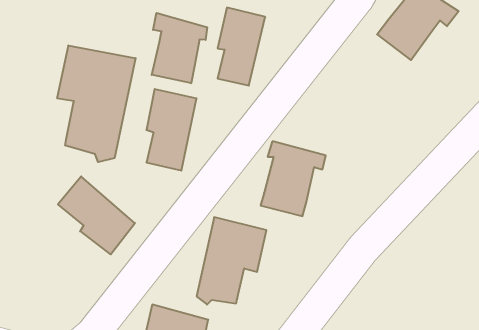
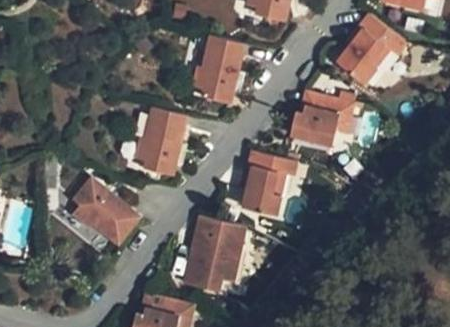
building: [152,13,207,83] -> none
building: [57,45,136,162] -> none
building: none -> [290,92,355,143]

